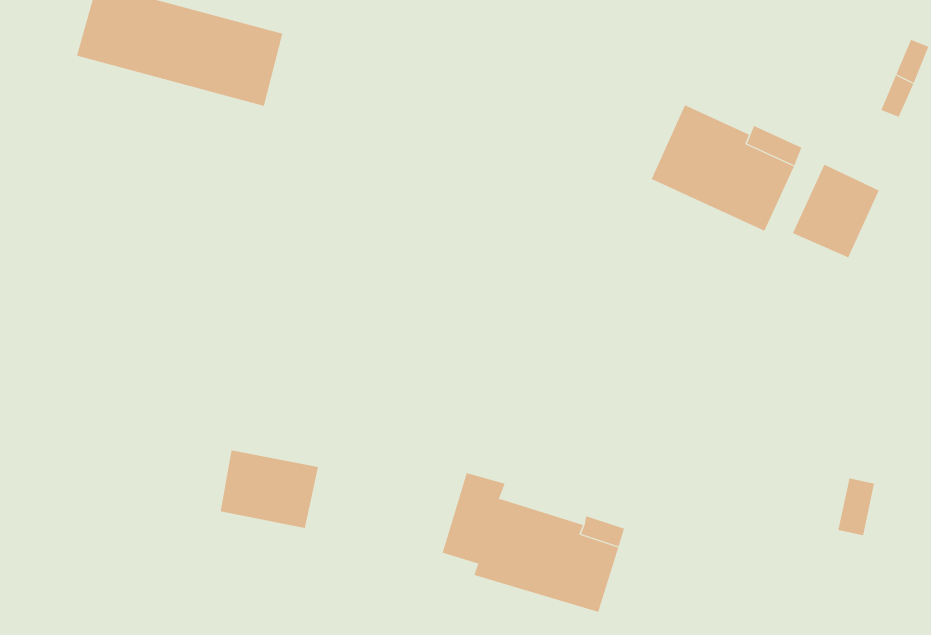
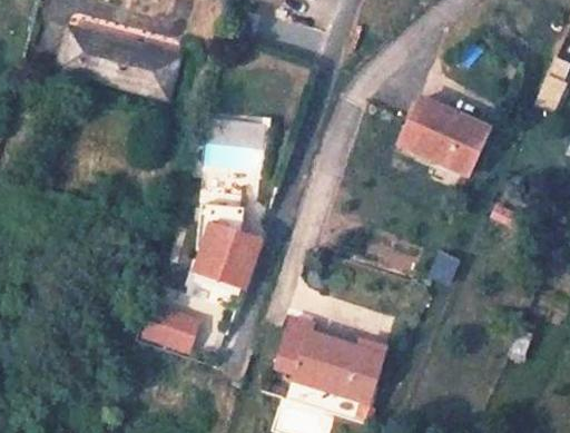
building: [792,164,880,258] -> none
building: none -> [197,206,257,289]

